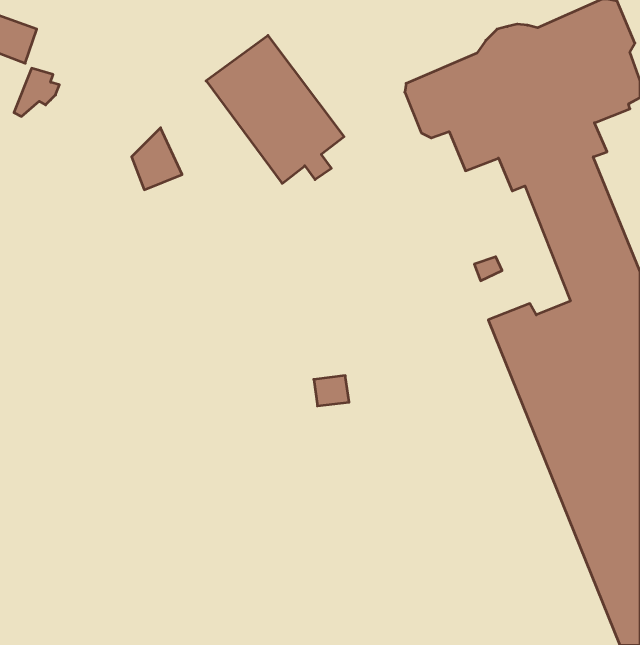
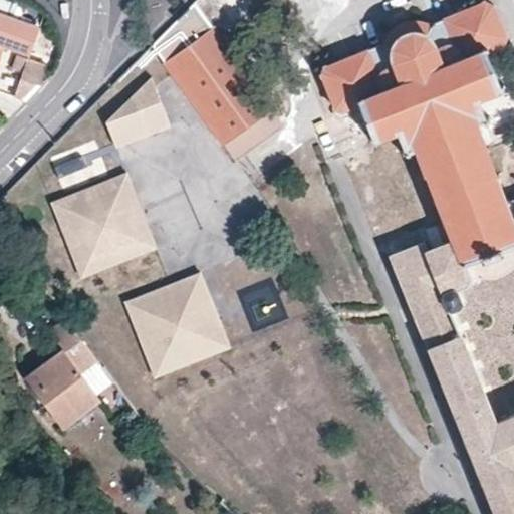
building: none -> [127,78,171,139]
building: none -> [51,176,155,280]
building: none -> [124,276,228,380]
building: none -> [25,318,97,426]

